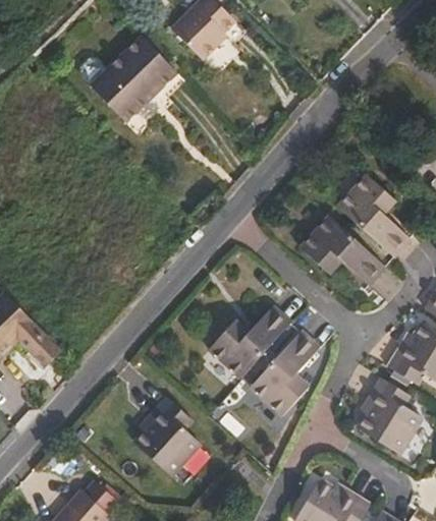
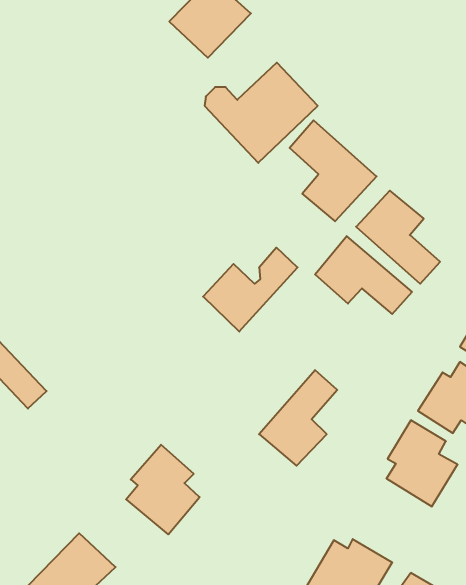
building: [84,34,182,121] -> [205,63,318,163]
building: none -> [290,120,377,221]
building: [207,306,289,380] -> [203,248,298,332]

